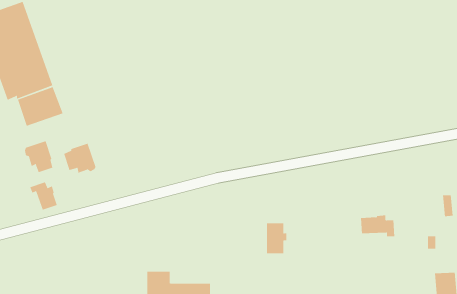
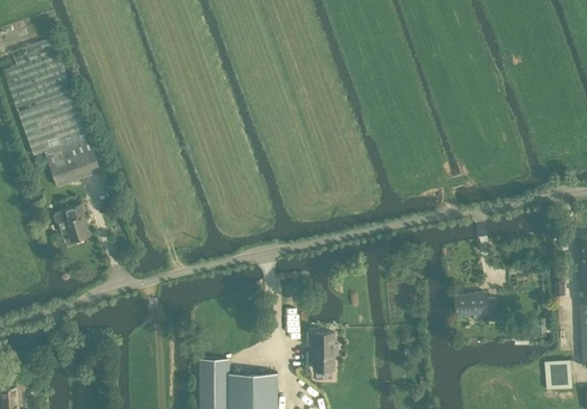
building: [63,143,96,174] -> none
building: [29,182,57,211] -> none
building: [266,223,287,254] -> [314,336,339,373]

